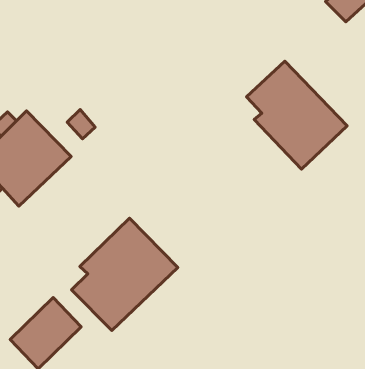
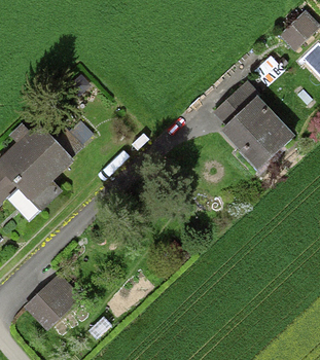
building: [72,218,178,331] -> none

